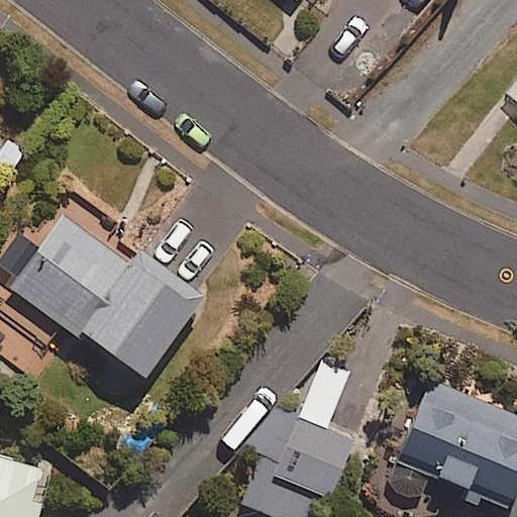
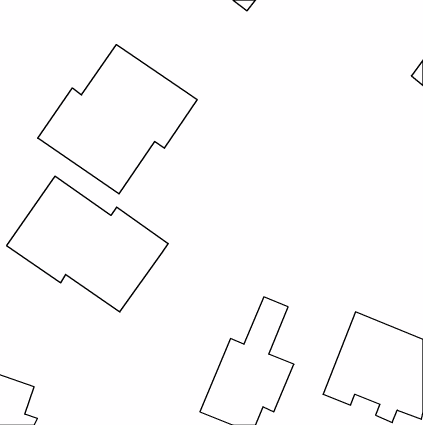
building: none -> [38,45,197,194]

